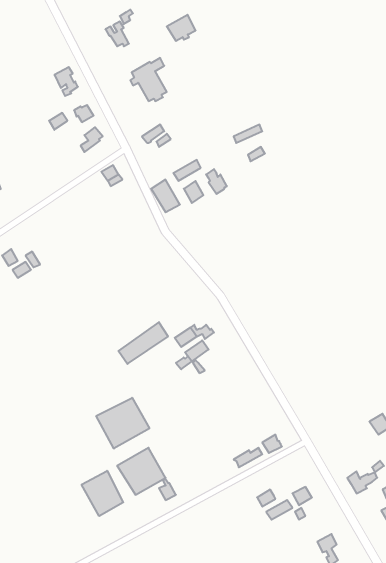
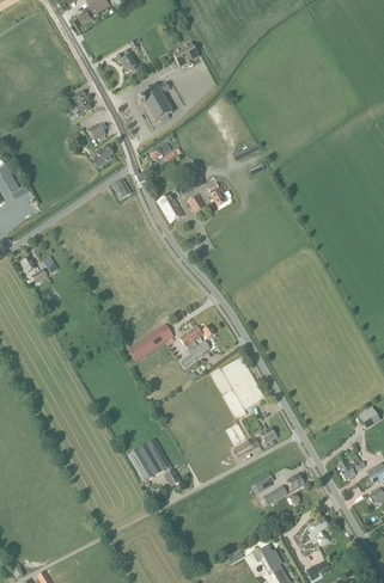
building: [96,398,149,449] -> none
building: [82,471,123,516] -> none

